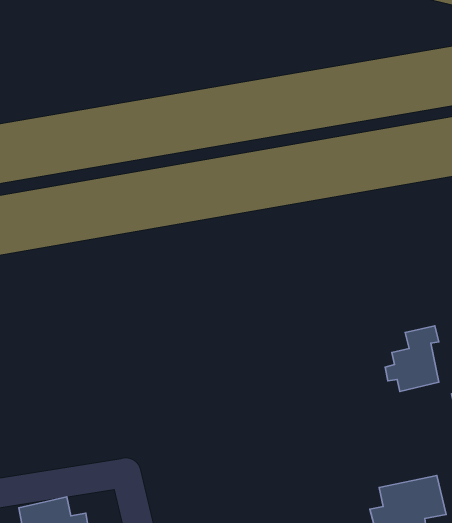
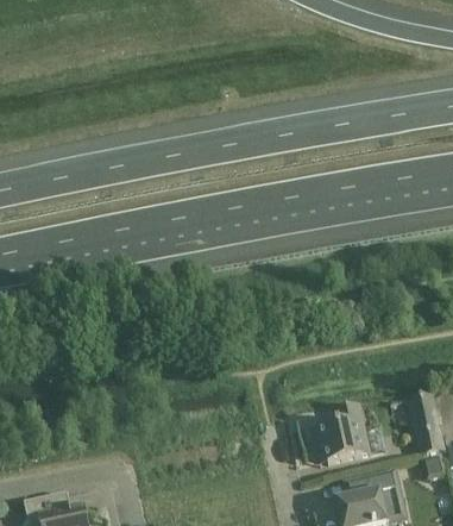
building: [385,326,439,391] -> [313,405,360,463]

